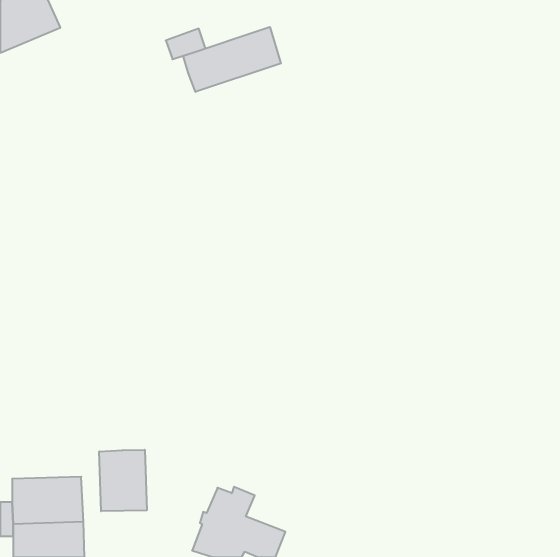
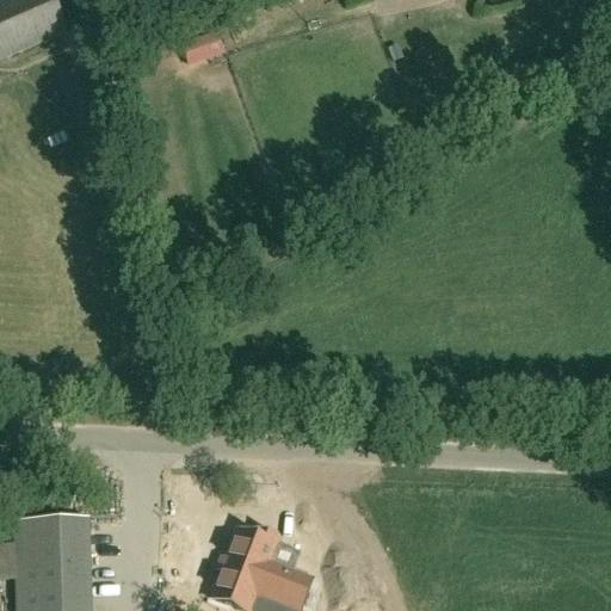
building: [183,27,281,92] -> none
building: [99,450,147,511] -> none

